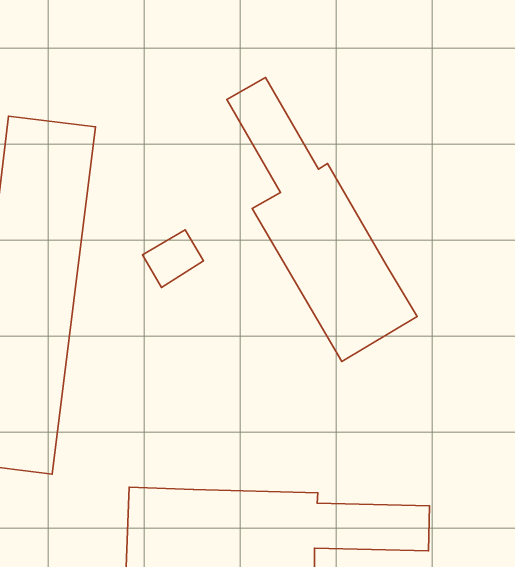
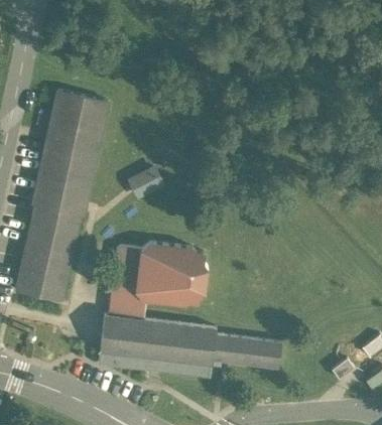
building: [227,78,417,361] -> none
building: none -> [107,243,208,319]

